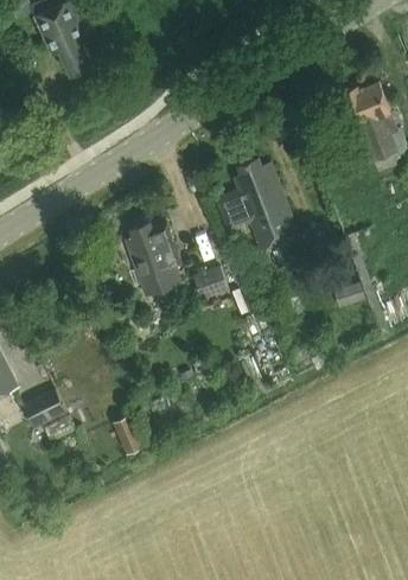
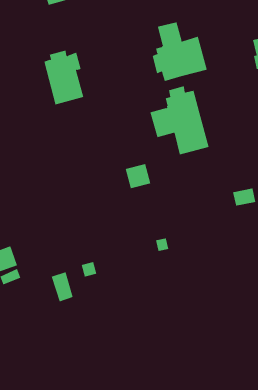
building: none -> [152,21,208,82]
building: [125,223,181,295] -> [44,50,84,105]

